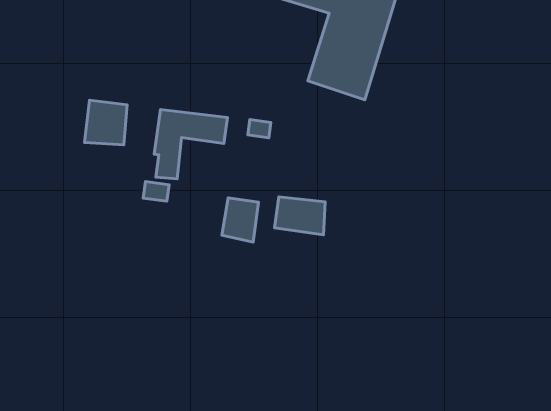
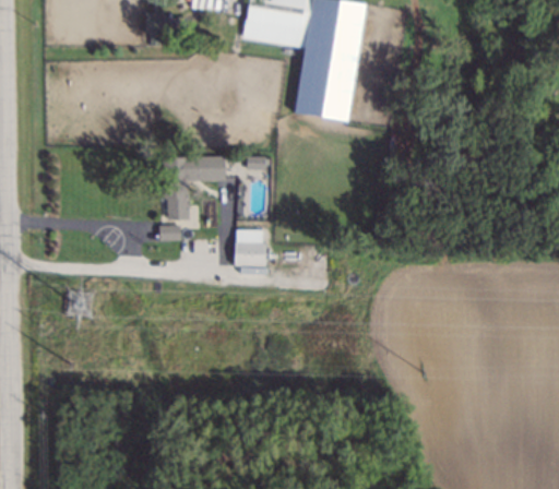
building: [85,100,127,145] -> none
building: [274,197,325,235] -> none

